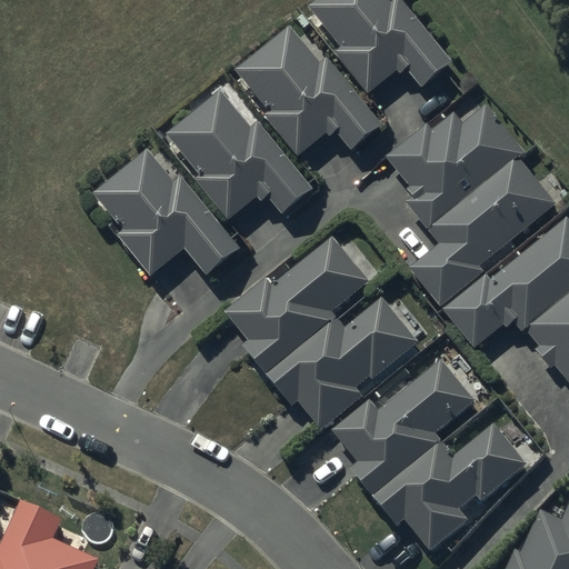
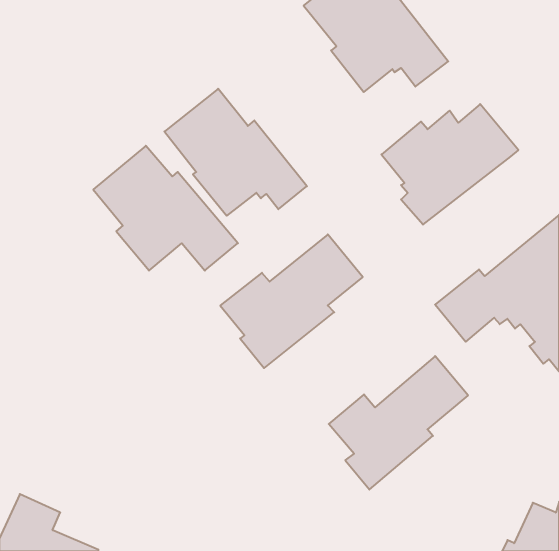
building: [236,27,383,154] -> none
building: [410,159,555,305] -> none
building: [268,298,419,430] -> none
building: [375,425,526,551] -> none

